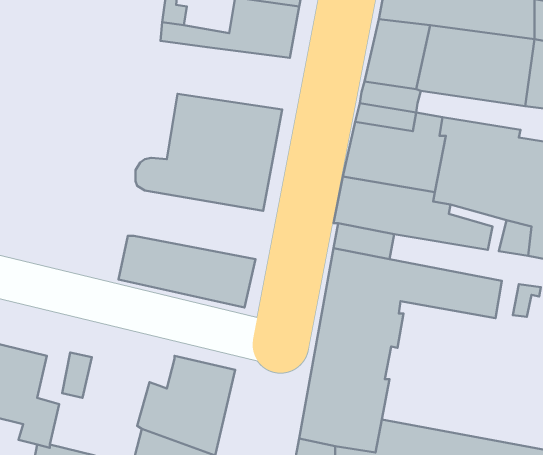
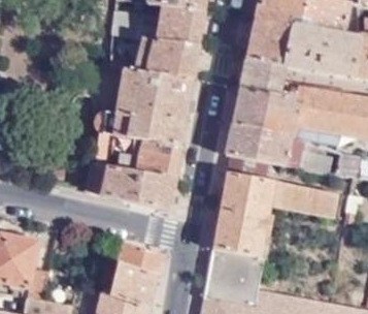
building: none -> [110,37,198,78]
building: none -> [95,132,180,178]

